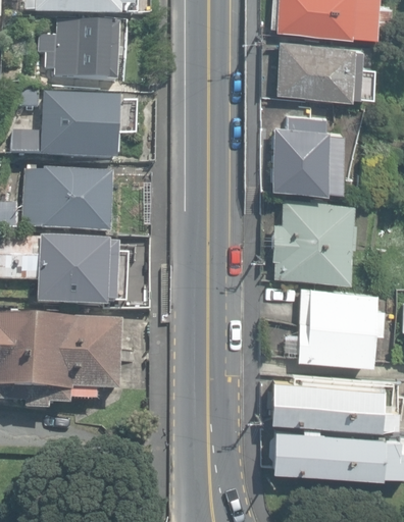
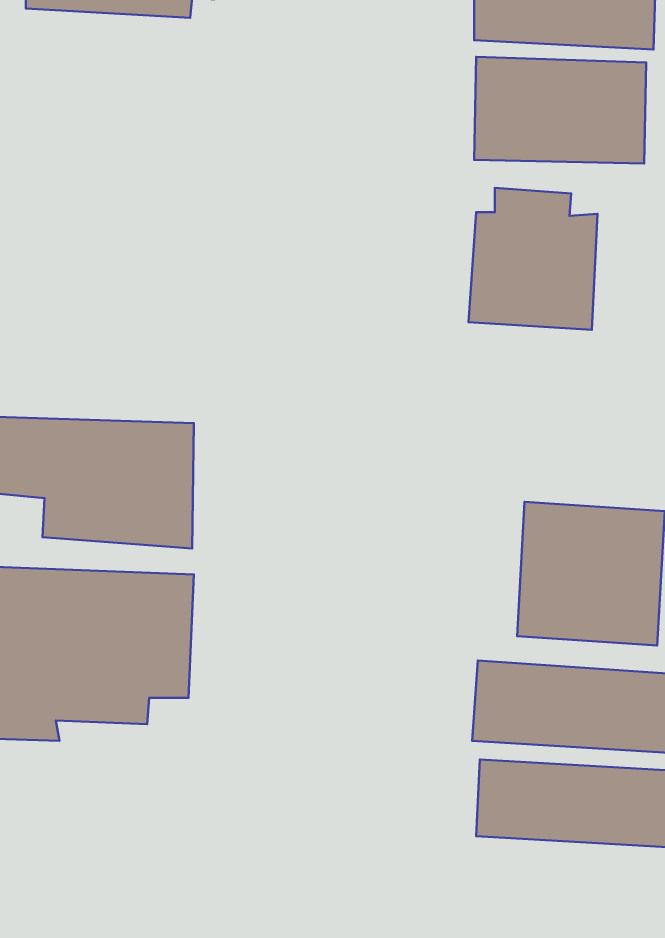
building: [40,19,127,84] -> none
building: [43,92,121,160] -> none
building: [26,170,120,234] -> none
building: [274,195,354,278] -> none

